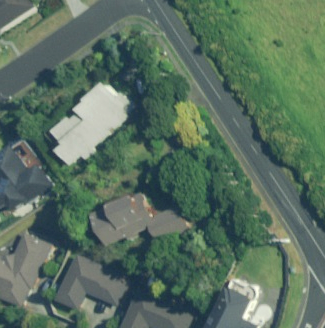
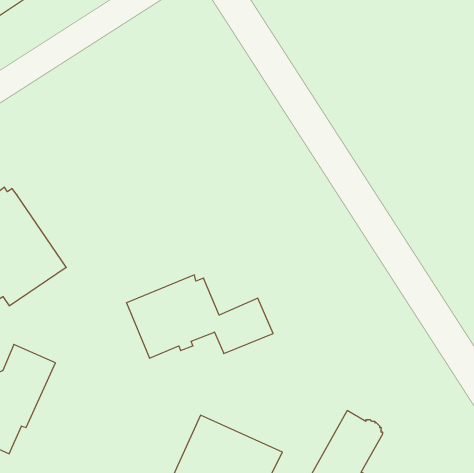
building: [52,82,133,164] -> none
building: [53,252,125,309] -> none

